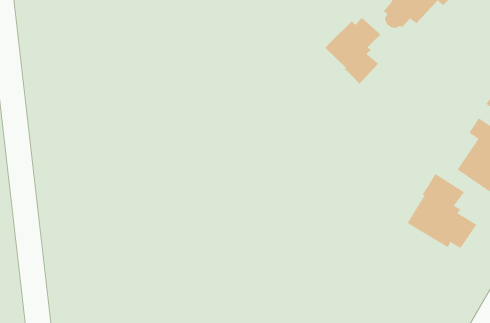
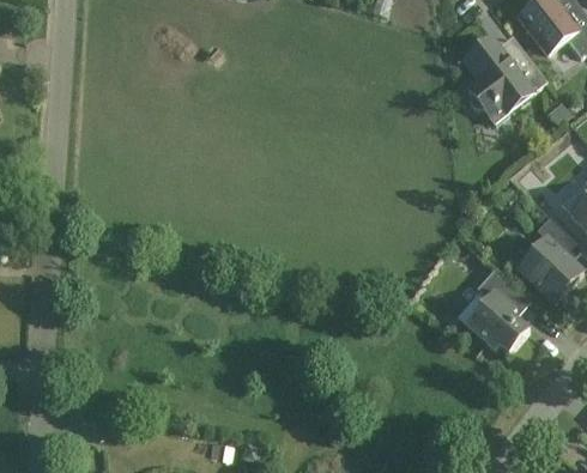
building: [324,17,383,84] -> none

